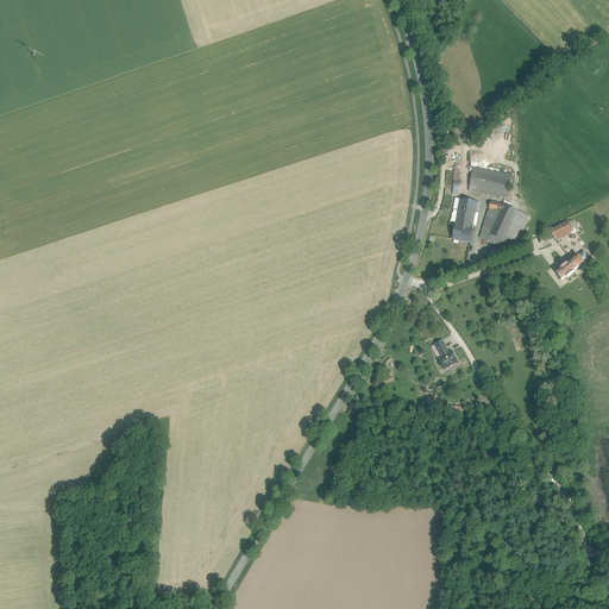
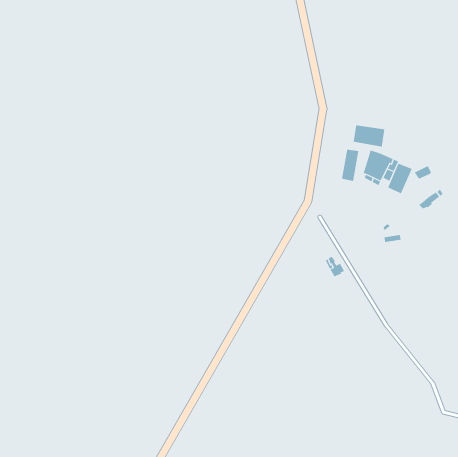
building: none -> [387,163,413,194]

